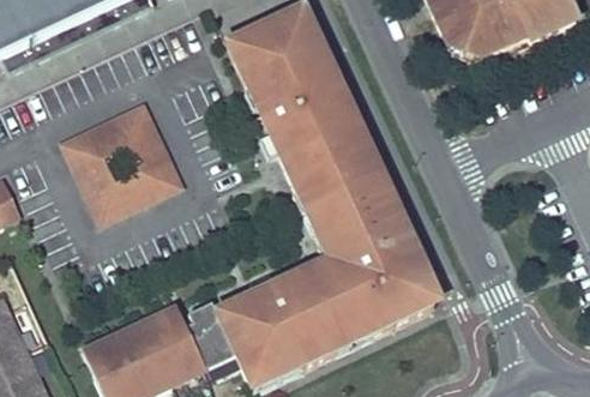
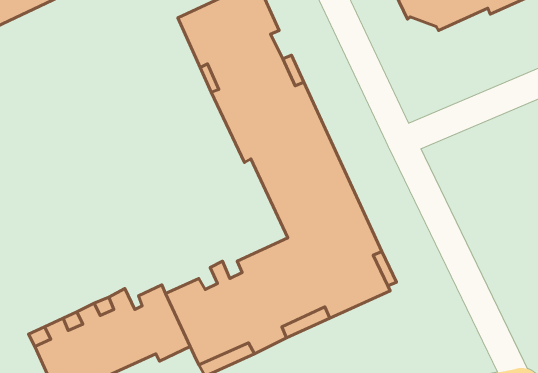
building: [61,101,181,221] -> none

